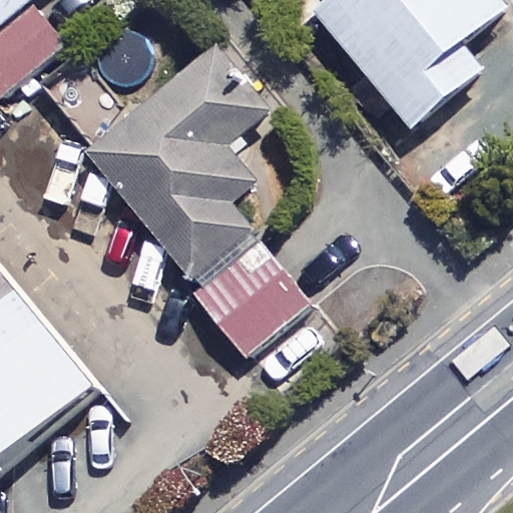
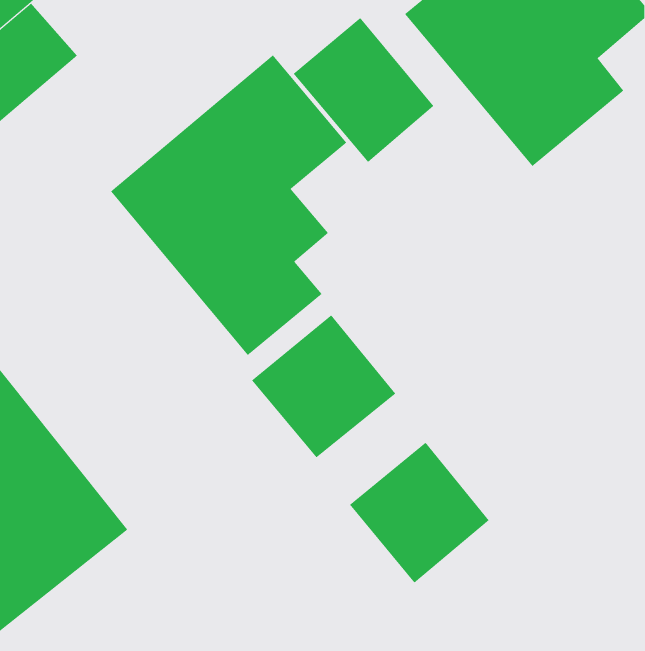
building: none -> [293,17,434,163]
building: none -> [349,442,489,584]

